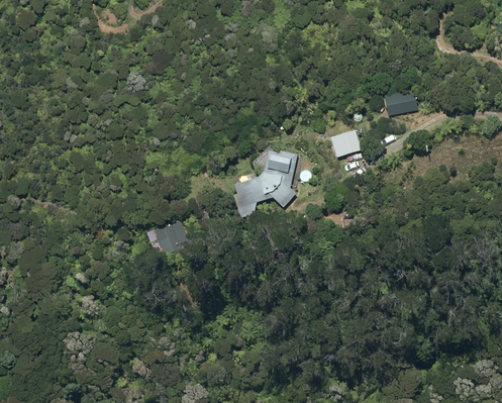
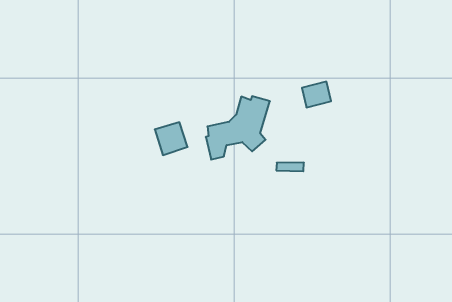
building: [390,88,422,114] -> none
building: [153,221,188,257] -> [155,122,188,155]

